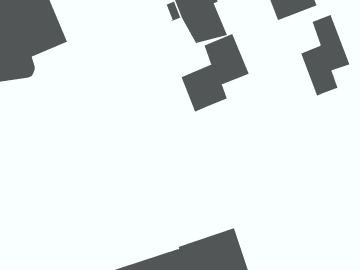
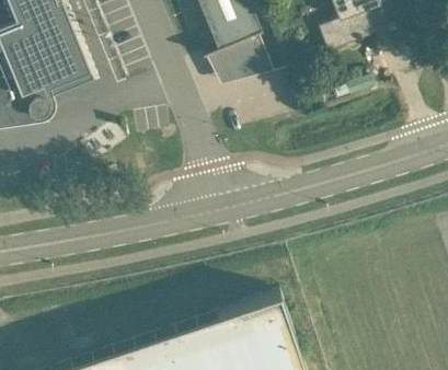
building: [300,14,350,97] -> none
building: [181,33,249,112] -> none

